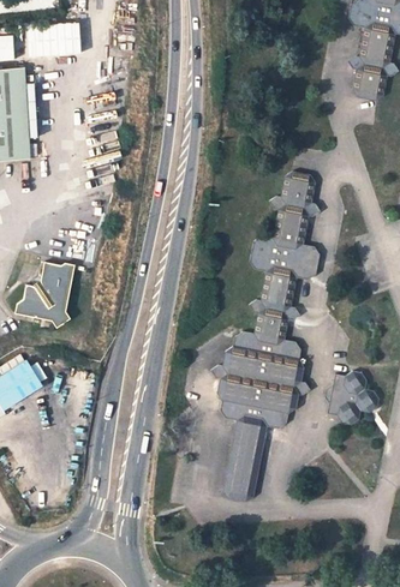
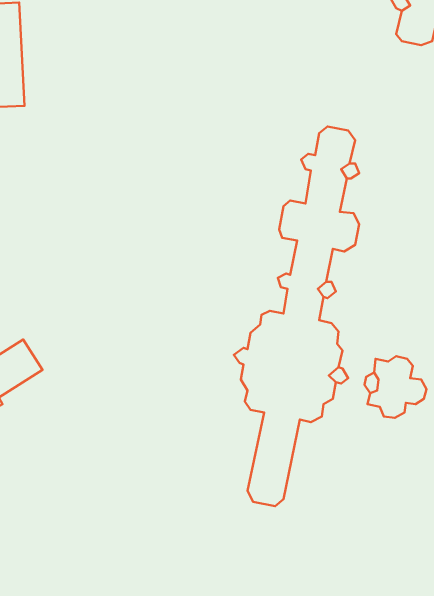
building: [13,258,72,322] -> none

